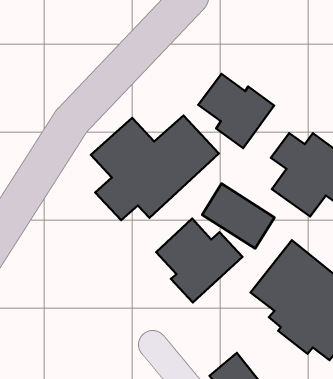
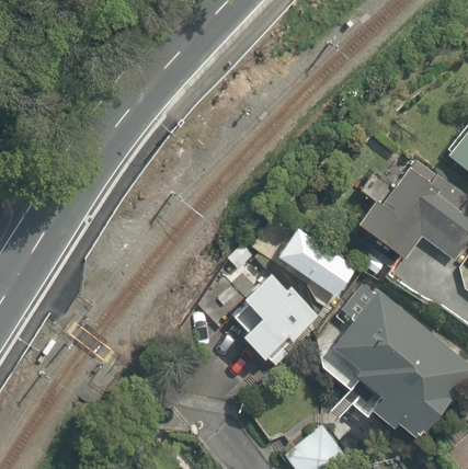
building: [198,74,274,148] -> none
building: [91,115,219,220] -> none

